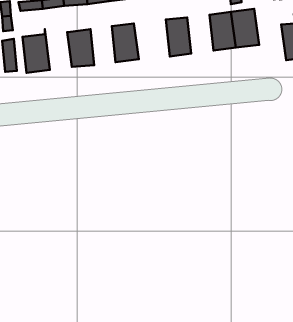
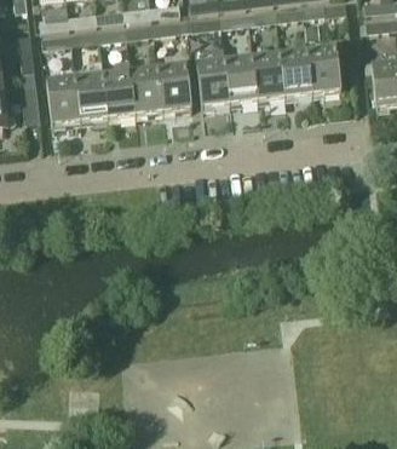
building: none -> [251,51,283,99]
building: none -> [194,57,229,107]
building: none -> [73,58,107,120]
building: none -> [130,65,161,114]

